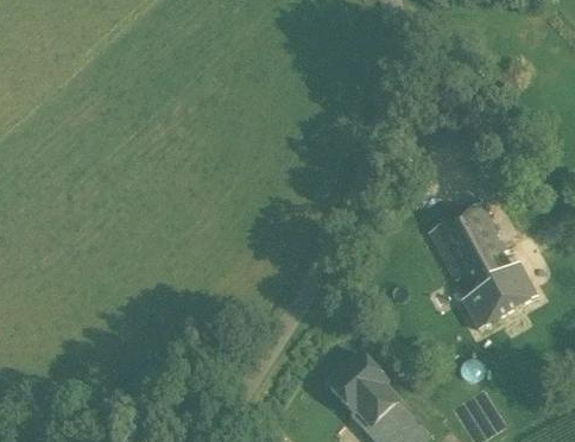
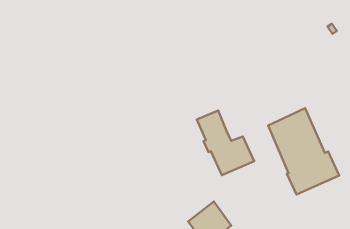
building: none -> [197,111,254,175]

